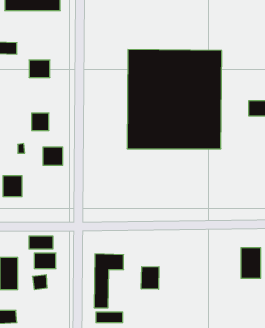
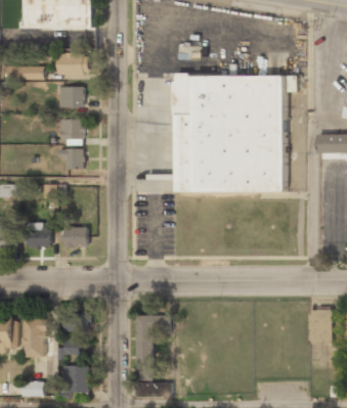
building: none -> [56,53,89,75]
building: none -> [59,120,84,140]
building: [43,147,63,165] -> [63,226,87,247]
building: [29,236,53,249] -> none
building: [141,267,159,289] -> none
building: none -> [63,366,89,394]

